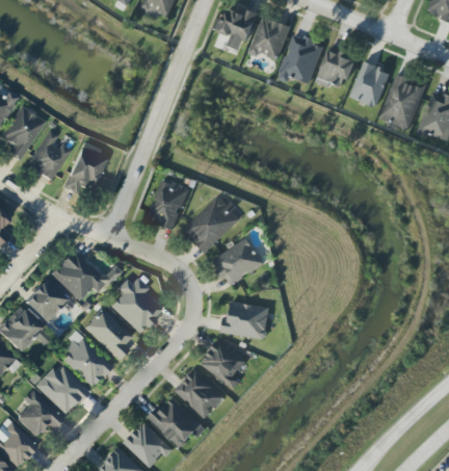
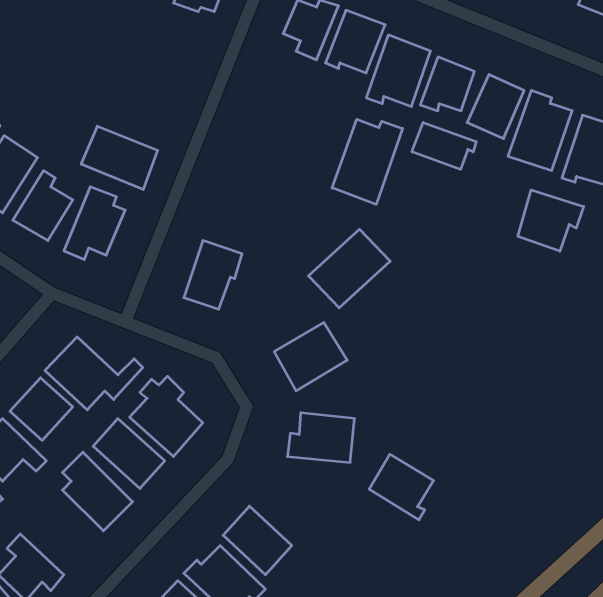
building: none -> [332,119,403,204]
building: none -> [412,122,476,169]
building: none -> [81,126,158,190]
building: none -> [518,190,584,251]
building: [182,197,240,253] -> [308,229,390,308]
building: [201,341,246,388] -> [369,454,434,520]
building: [35,363,87,414] -> none

